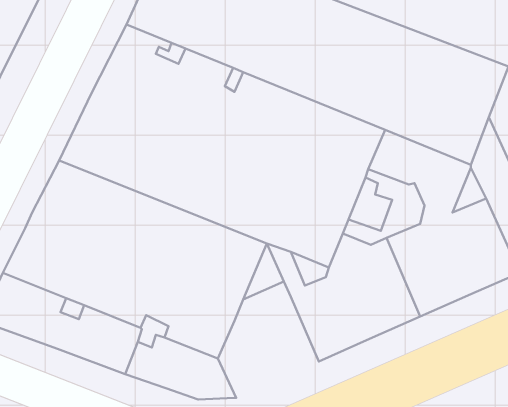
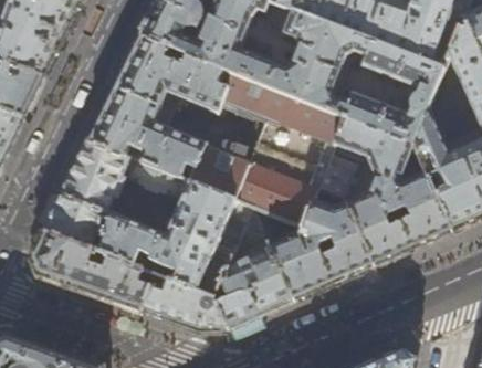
building: none -> [213,250,293,329]

